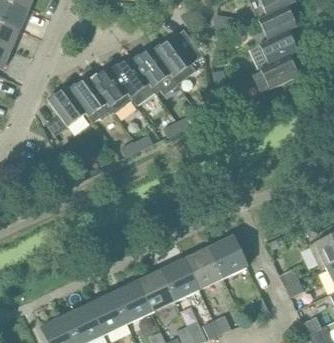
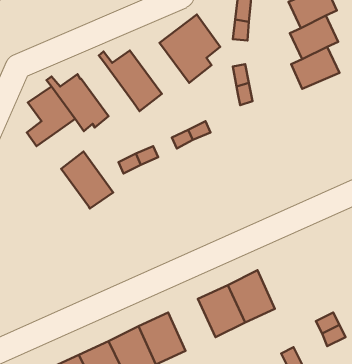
building: [130,48,178,94] -> none
building: [91,67,133,113] -> [61,152,113,209]
building: [161,258,199,300] -> none

